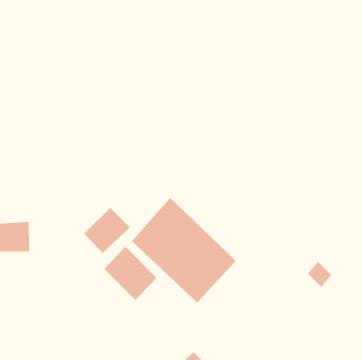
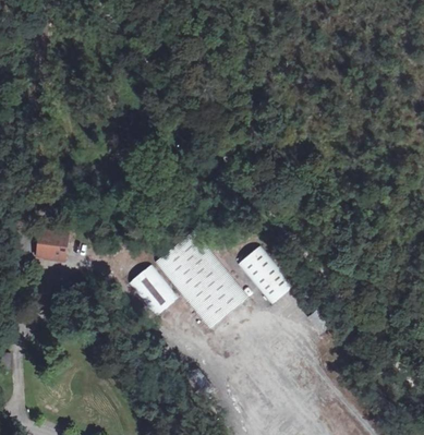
building: none -> [240,244,289,298]
building: [84,207,131,254] -> none

